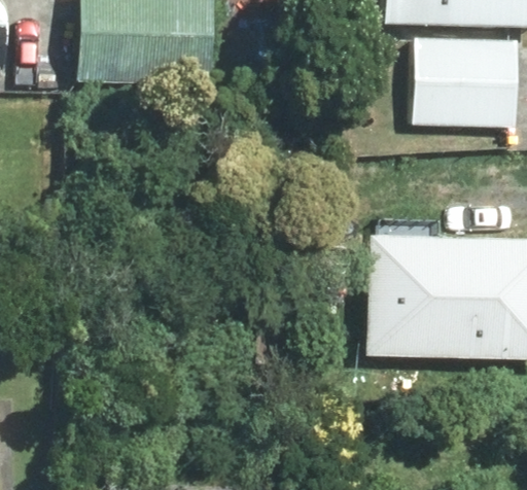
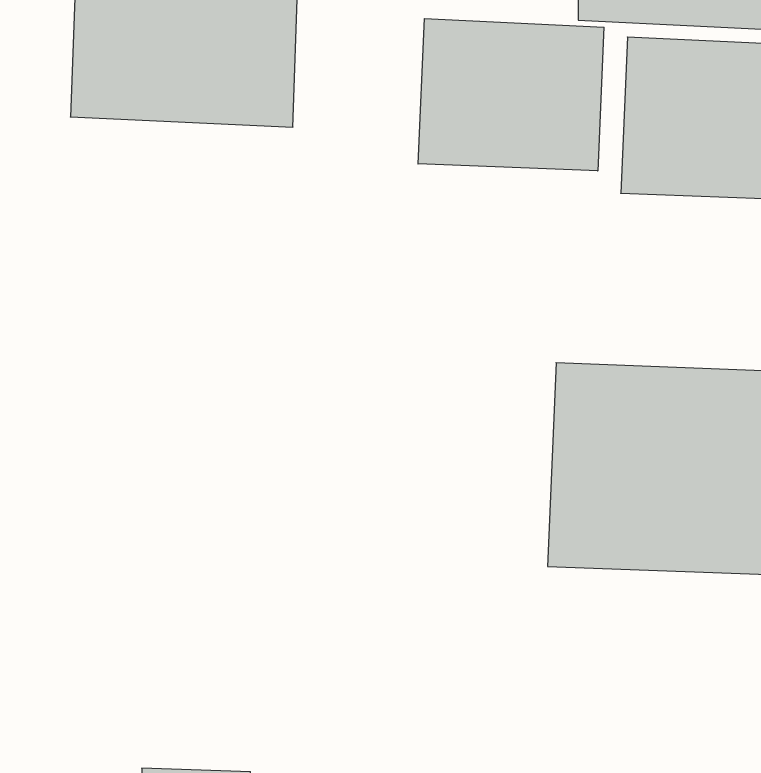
building: none -> [418,19,604,171]

